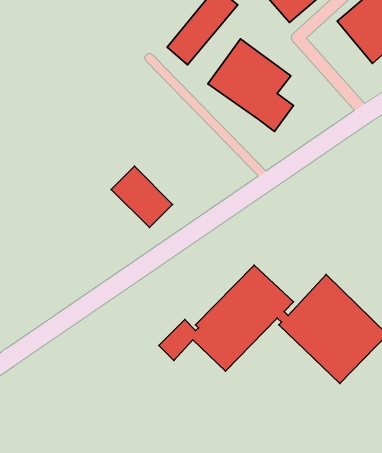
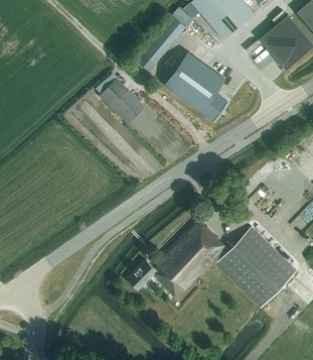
building: [111,166,173,228] -> [100,79,145,124]

